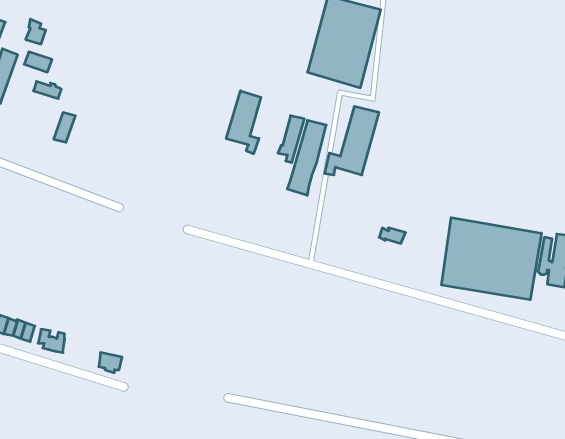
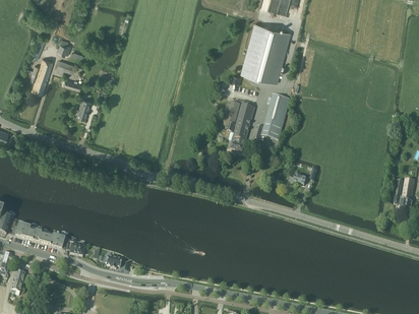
building: [226,91,261,154] -> none
building: [442,218,541,300] -> none

